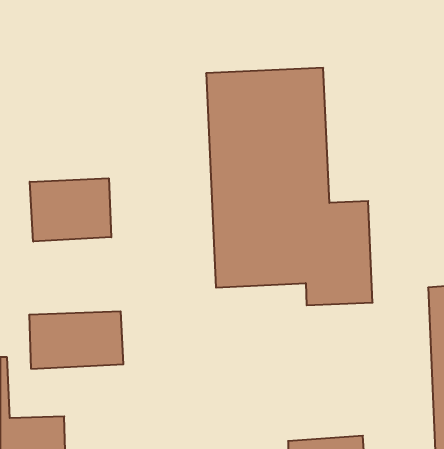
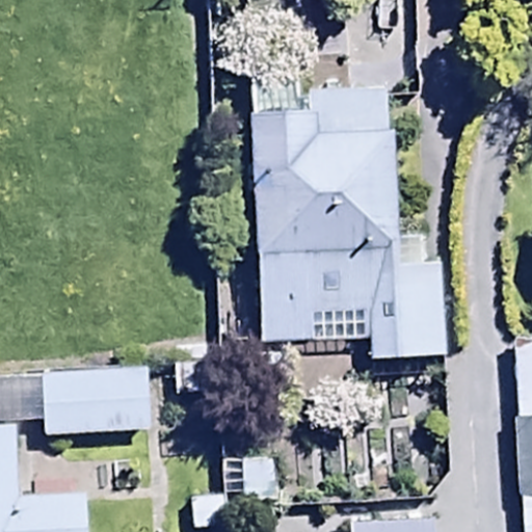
building: [30,178,111,242] -> none

